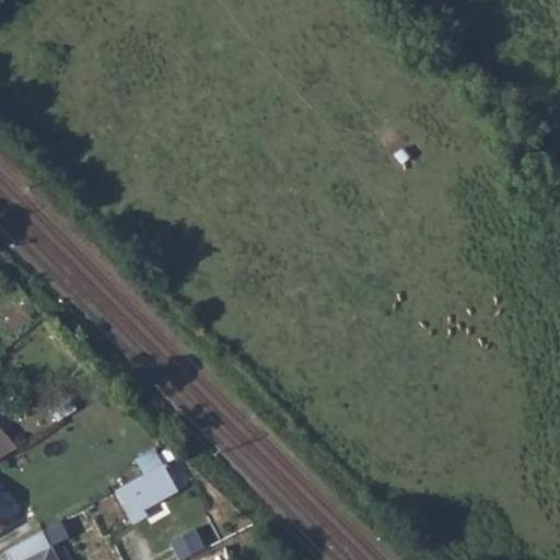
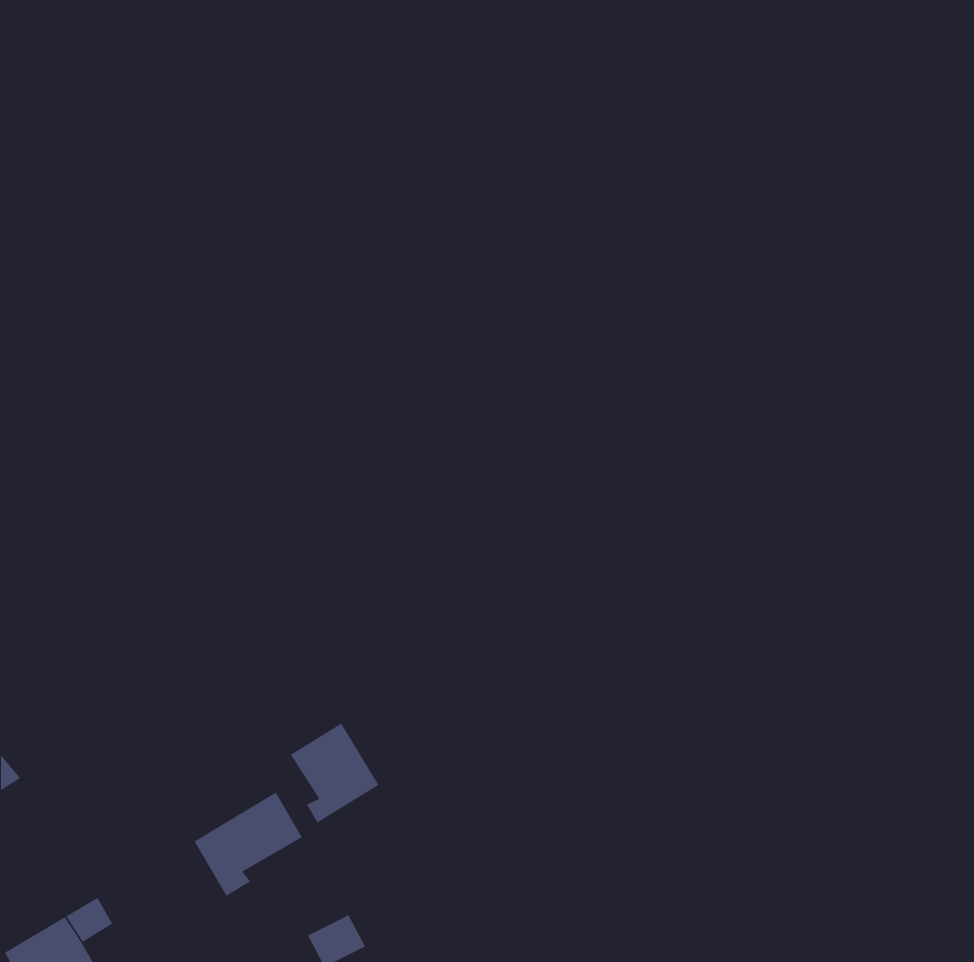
building: none -> [290,722,379,824]

